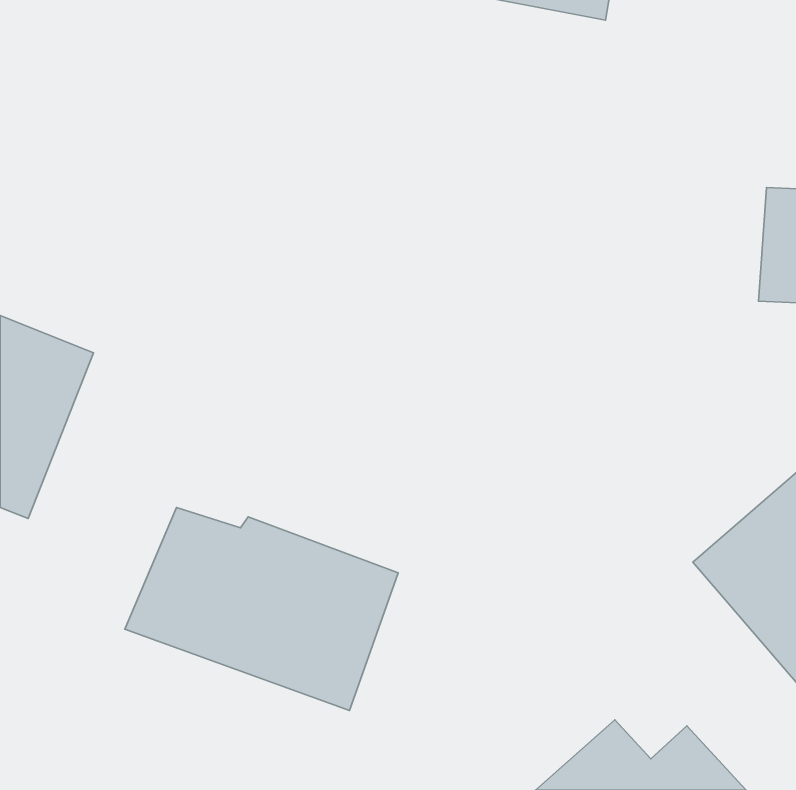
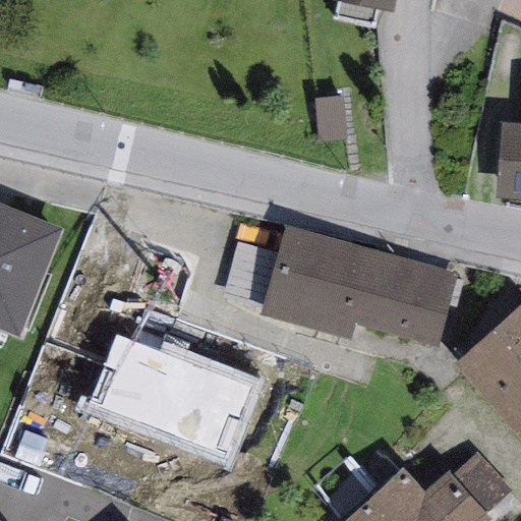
building: none -> [259,226,457,346]

